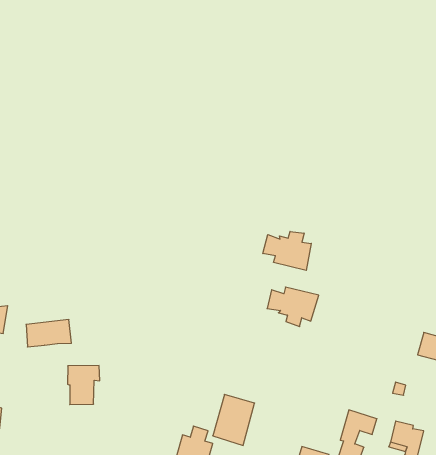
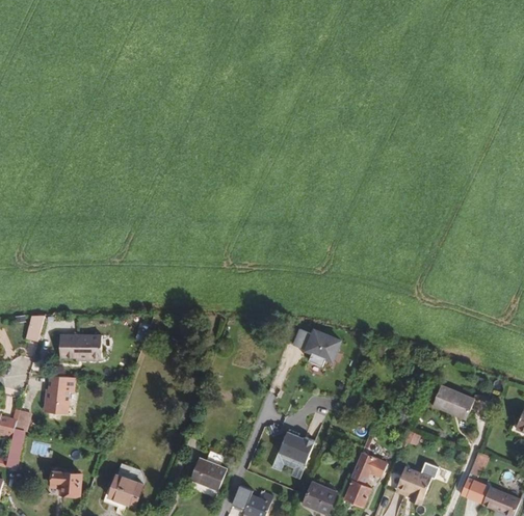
building: [263,231,311,270] -> none
building: [68,366,100,405] -> [48,375,80,414]
building: [213,394,255,445] -> [272,430,316,481]

